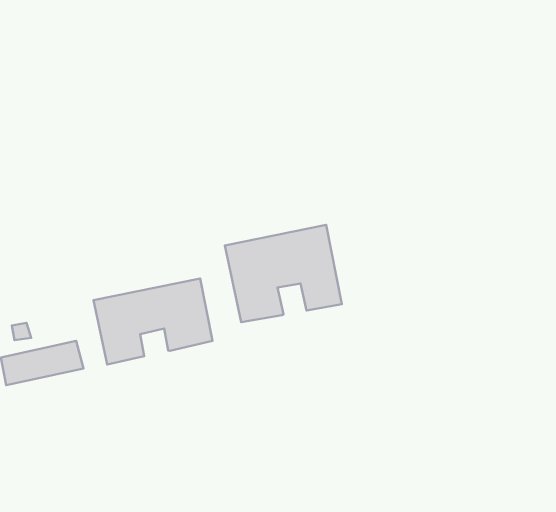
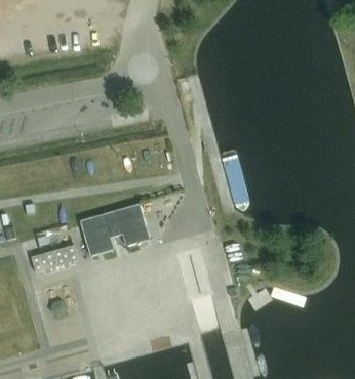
building: [225,225,342,322] -> none

